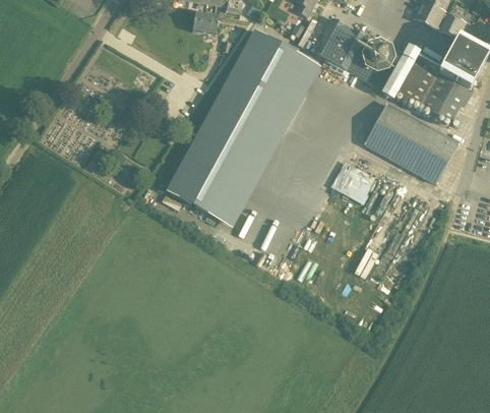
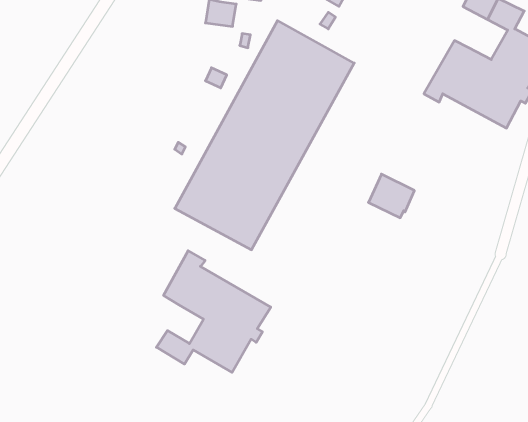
building: [317,18,396,83] -> none
building: [366,103,460,182] -> none
building: none -> [156,251,271,372]

